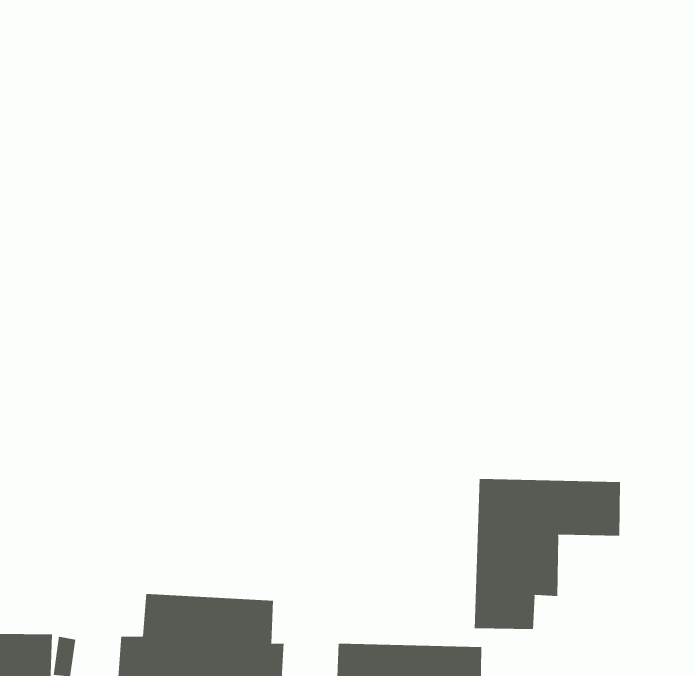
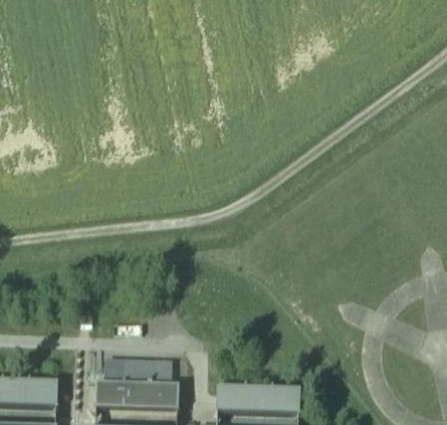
building: [474,478,620,630] -> none

